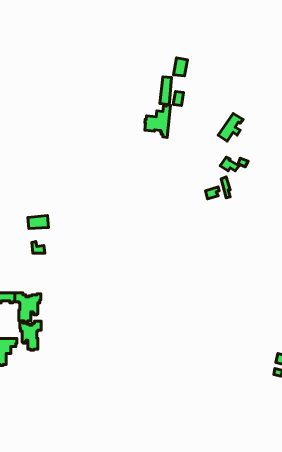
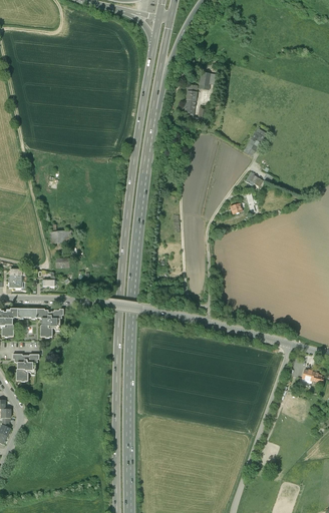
building: [145,105,171,137] -> none
building: [20,321,41,350] -> none

